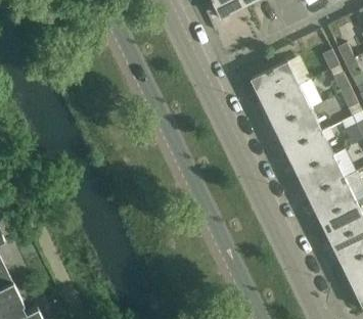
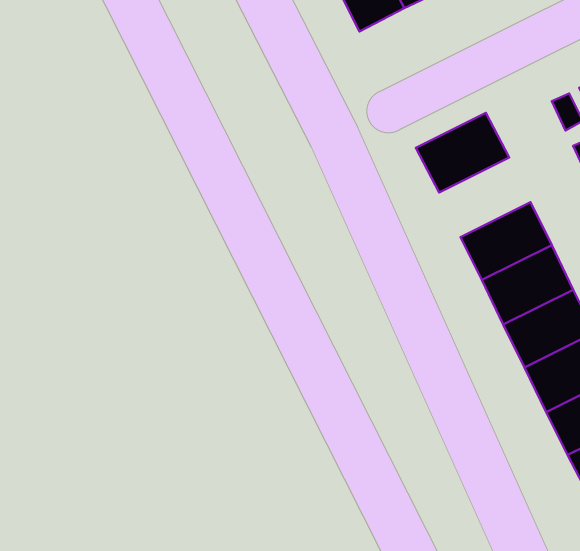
building: [262,84,320,126] -> none

